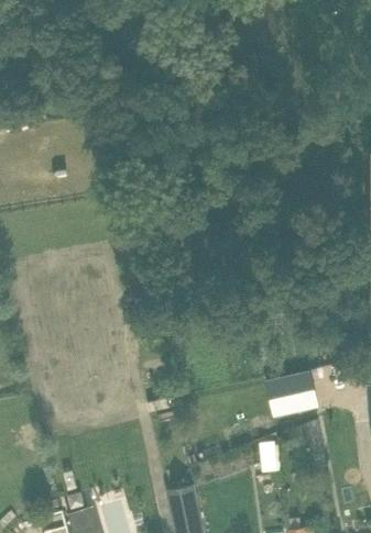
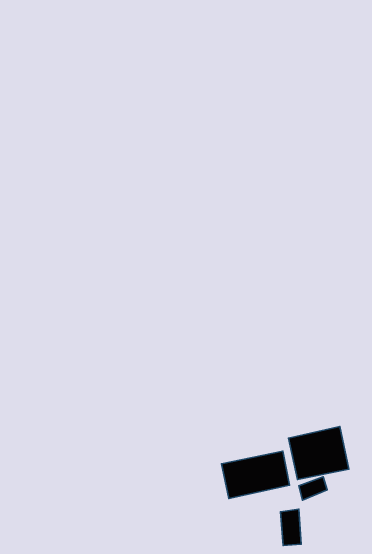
building: none -> [221,451,290,499]

